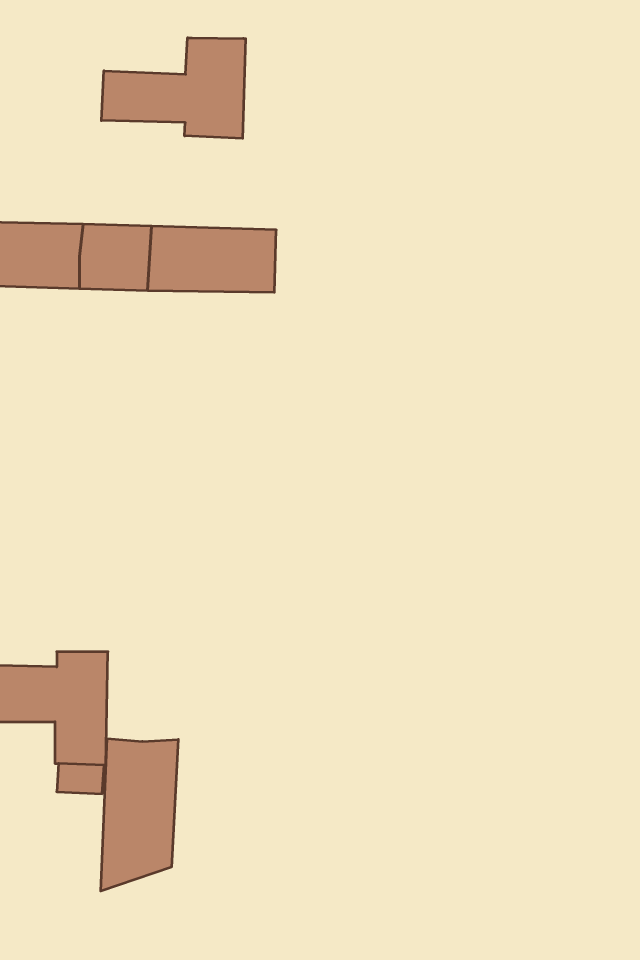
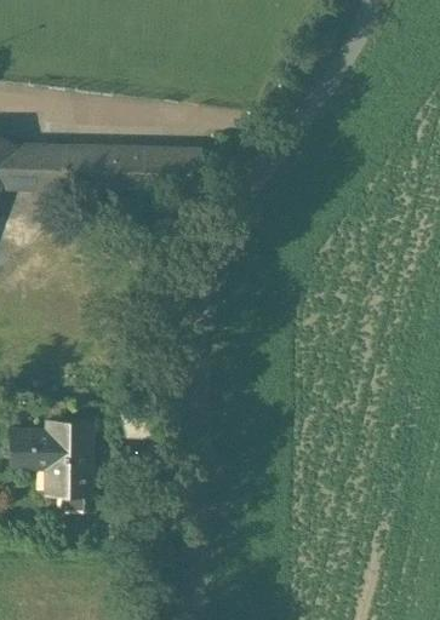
building: [101,38,246,138] -> none
building: [101,739,178,891] -> none

